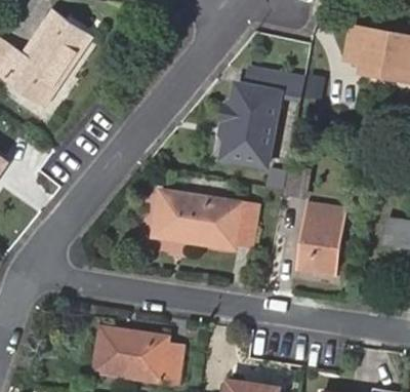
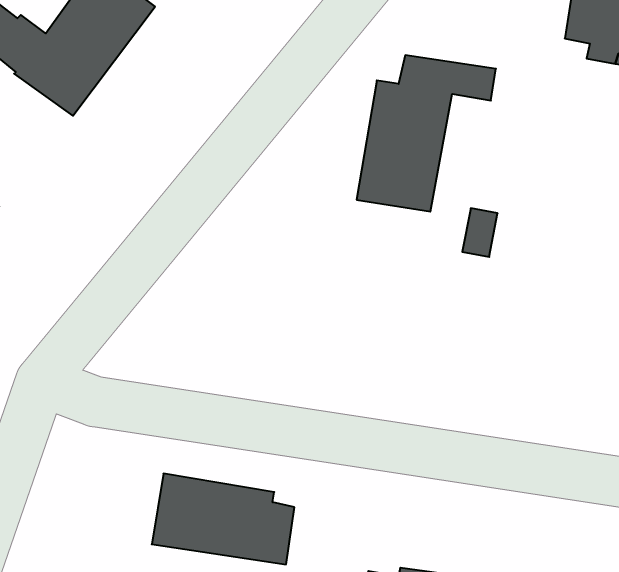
building: [155,192,257,247] -> none
building: [297,202,347,275] -> none

